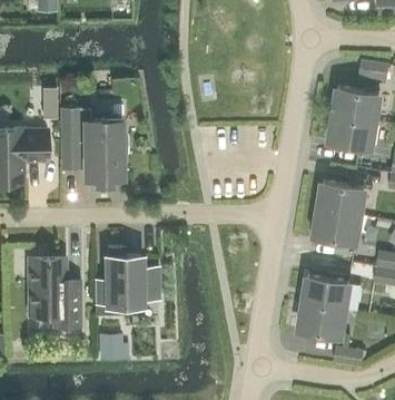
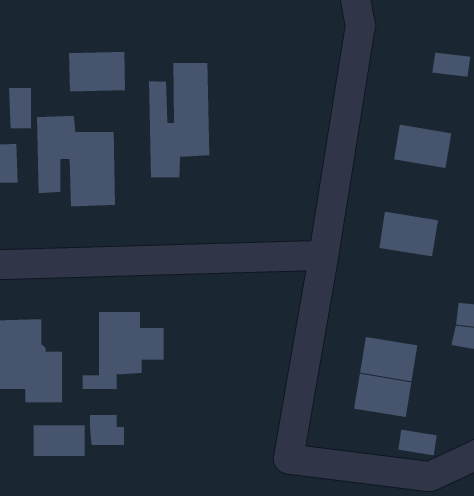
building: none -> [69,51,126,92]
building: none -> [148,62,210,178]
building: [335,88,379,123] -> none
building: [315,209,361,244] -> none
building: none -> [33,425,85,457]

